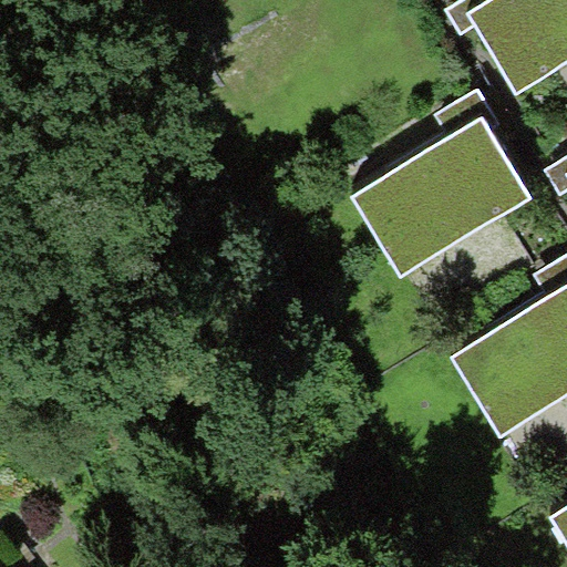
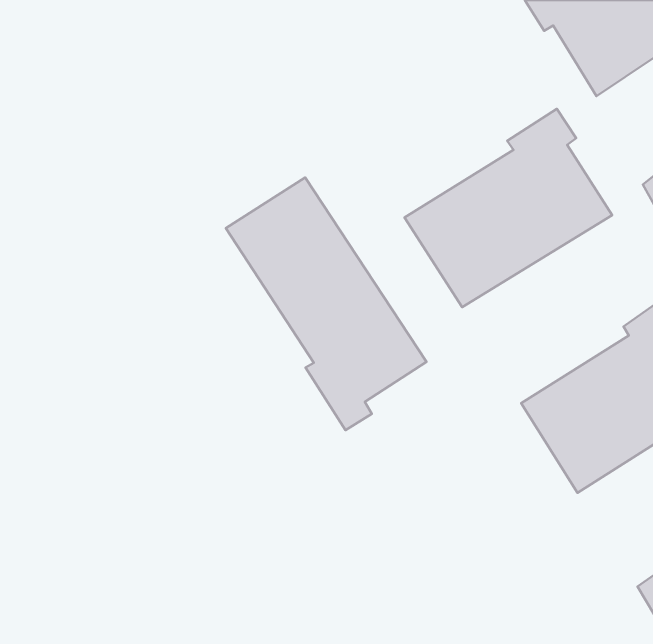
building: none -> [226,178,427,430]

